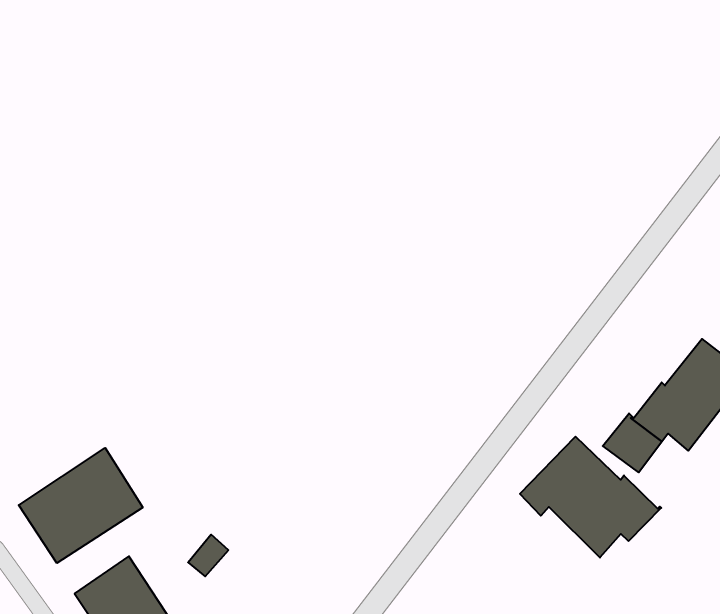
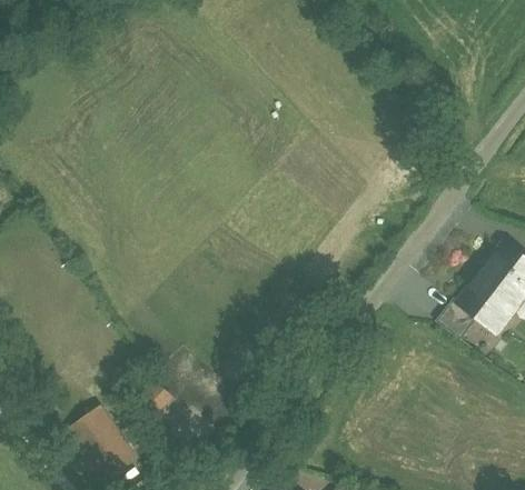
building: [520,437,661,558] -> none
building: [19,448,143,563] -> none

